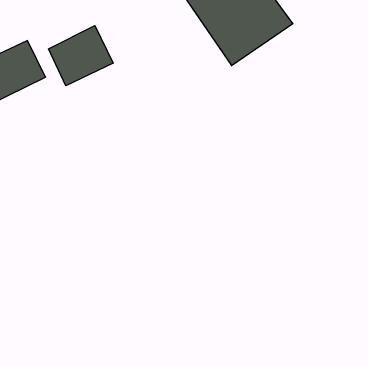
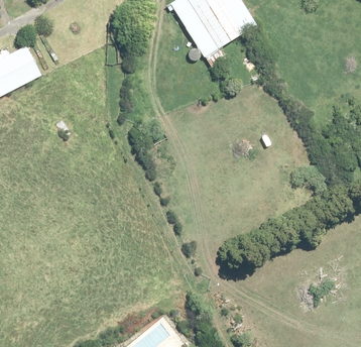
building: [48,26,113,86] -> none

